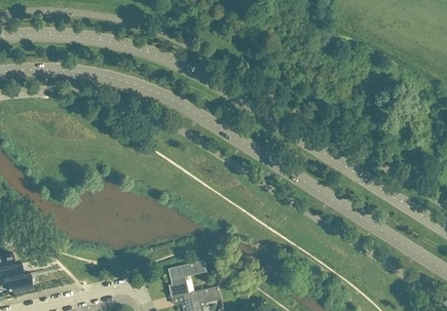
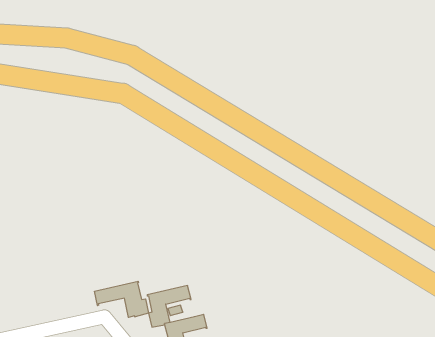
building: none -> [95,281,148,317]

